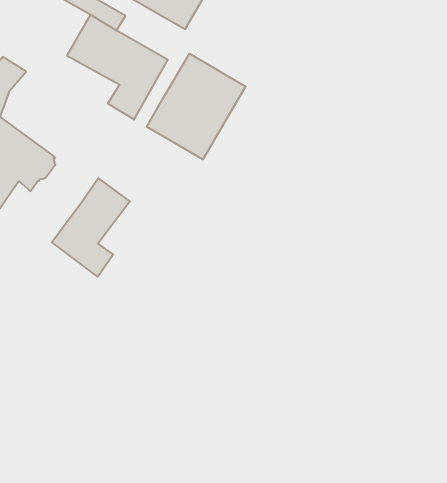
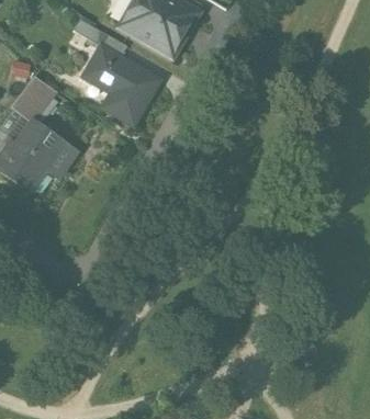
building: [147,54,246,159] -> none
building: [52,178,130,277] -> none

